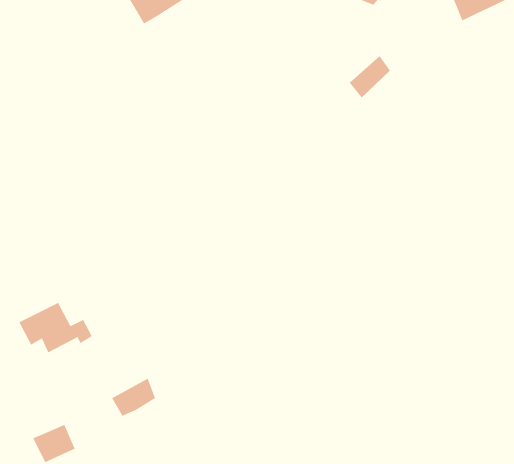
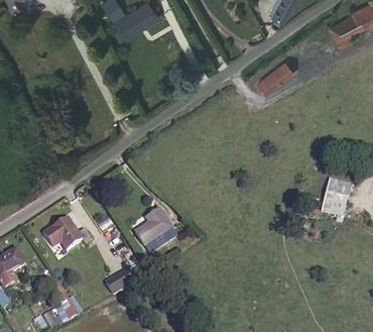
building: none -> [323,179,354,212]
building: none -> [134,209,174,247]

